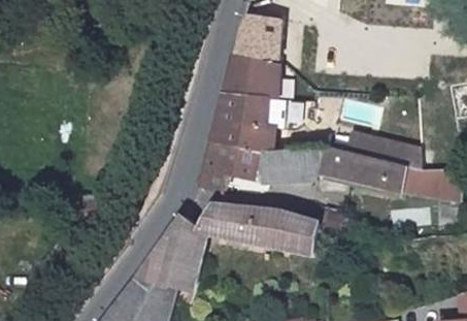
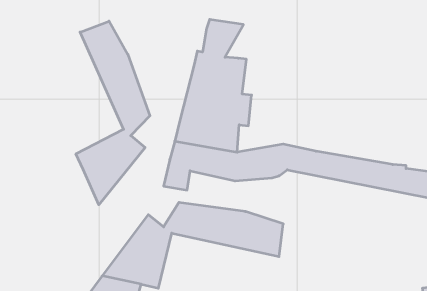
building: none -> [76,21,150,205]
building: [351,128,433,167] -> none

